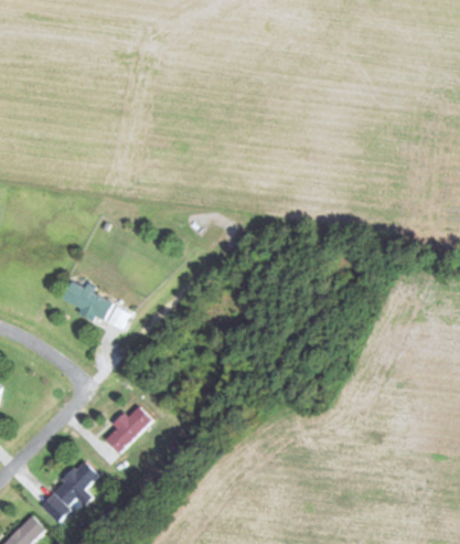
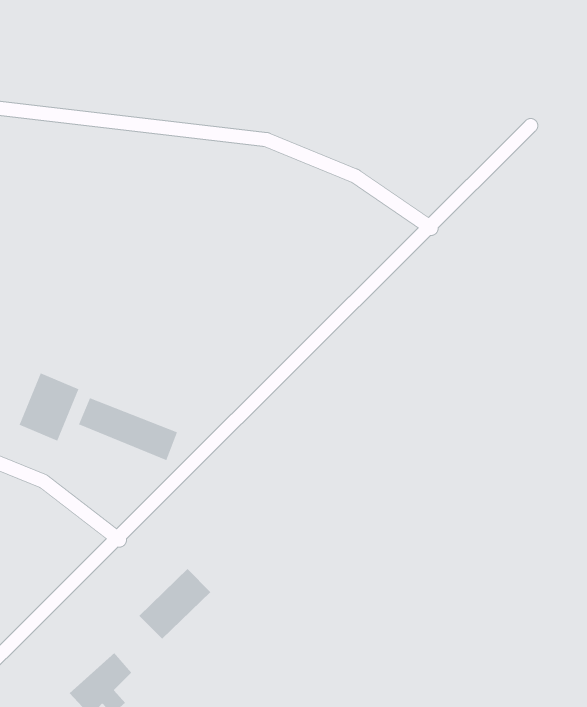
building: none -> [19,373,79,441]

